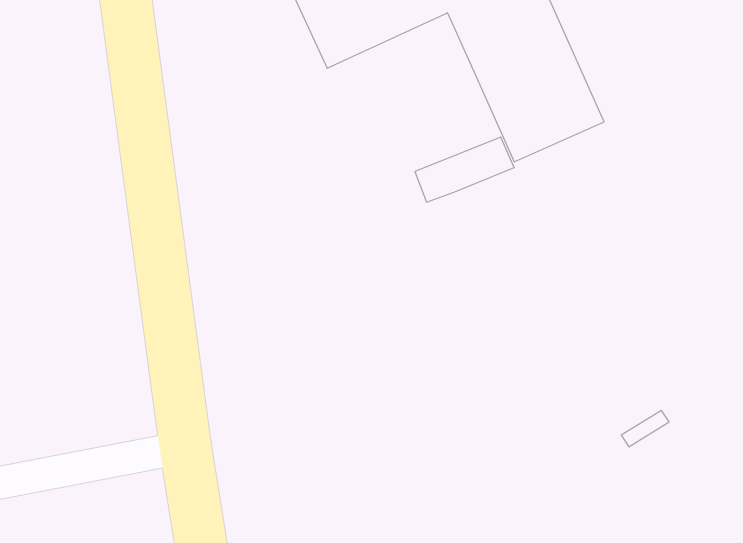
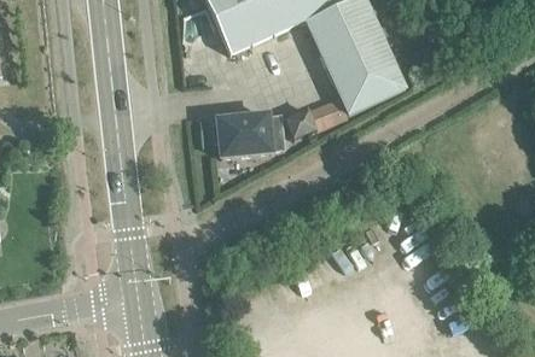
building: none -> [214,115,285,157]

